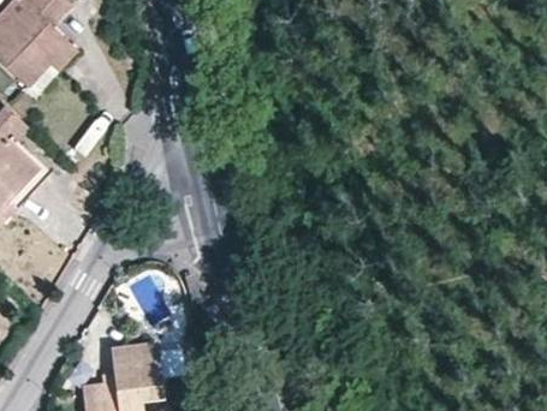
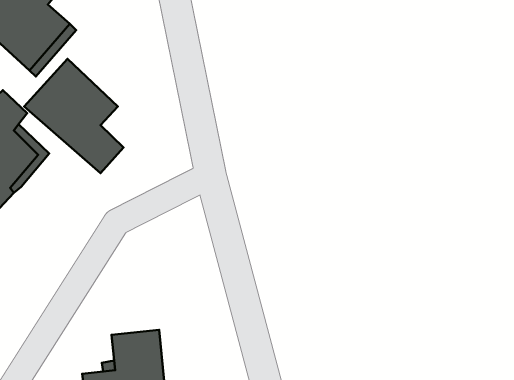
building: none -> [24,59,123,173]

